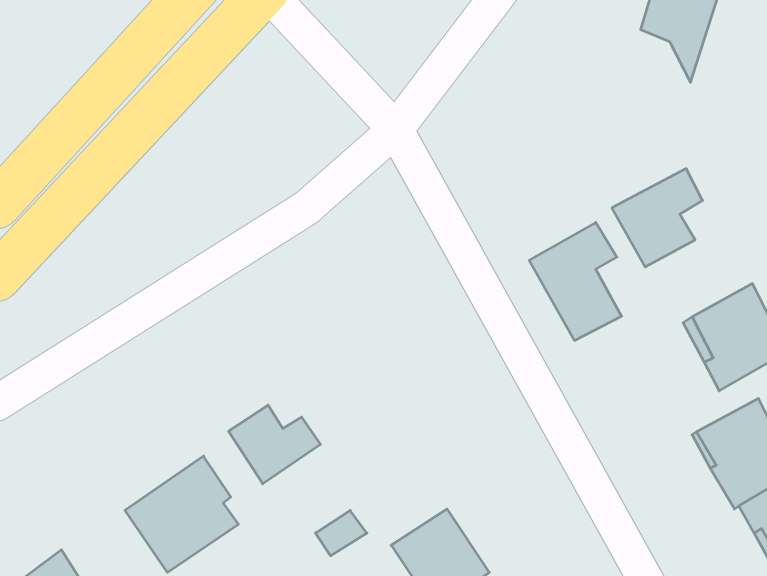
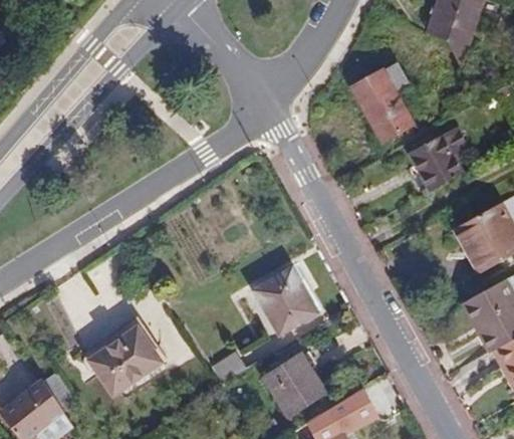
building: [529,222,622,340] -> [352,62,414,141]
building: none -> [255,269,318,334]
building: [229,405,320,484] -> none

